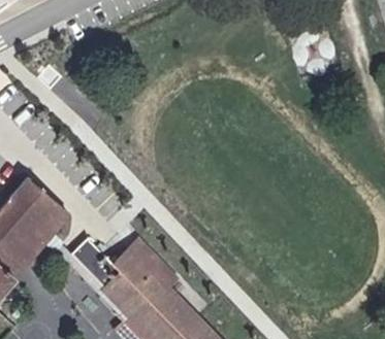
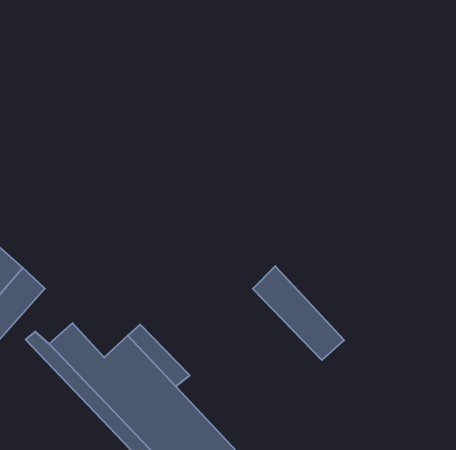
building: none -> [253,266,344,360]

